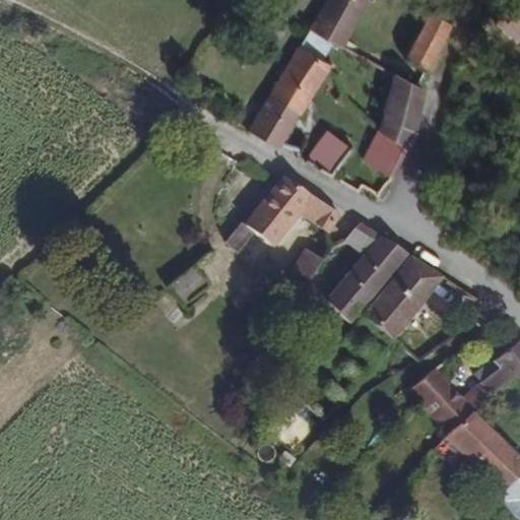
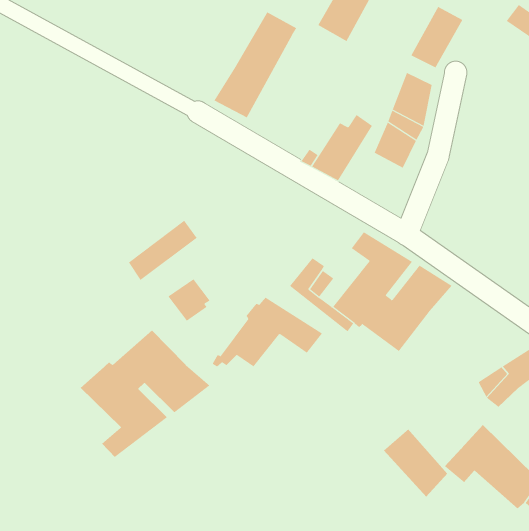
building: [250,45,331,148] -> [214,11,297,118]
building: [233,177,340,245] -> [212,297,323,367]
building: none -> [128,220,197,281]
building: none -> [80,329,210,458]
building: [411,368,474,435] -> [383,428,448,498]

